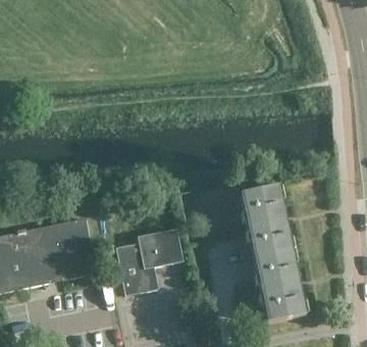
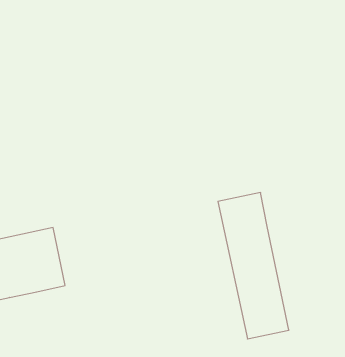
building: [116,229,182,295] -> none

